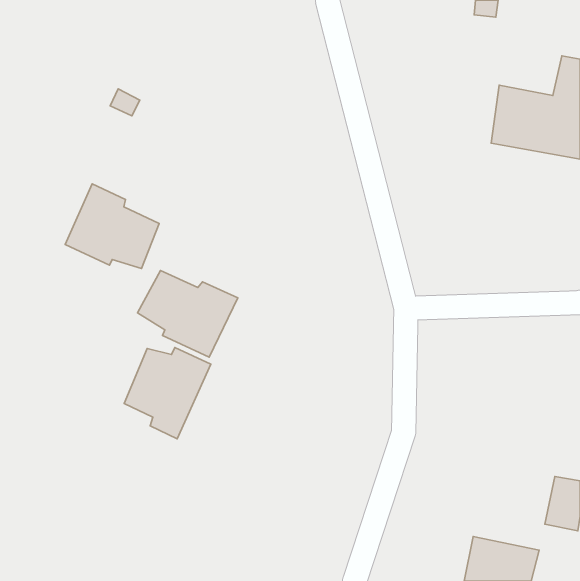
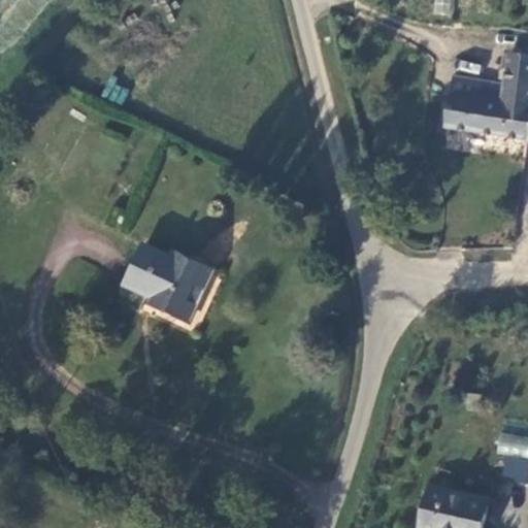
building: [65,184,159,269] -> none
building: [124,348,211,439] -> none

